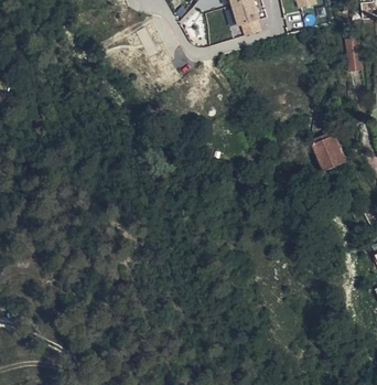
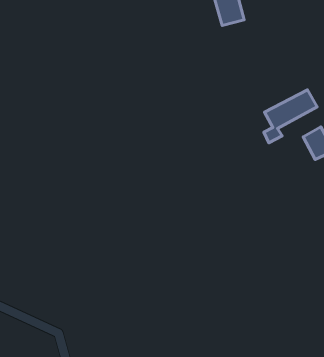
building: none -> [264,90,317,143]

